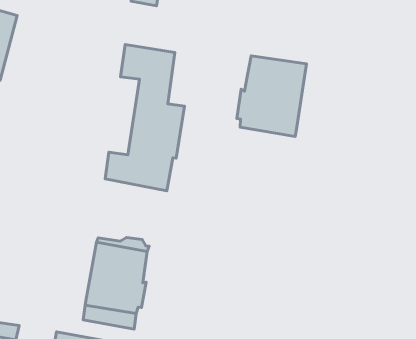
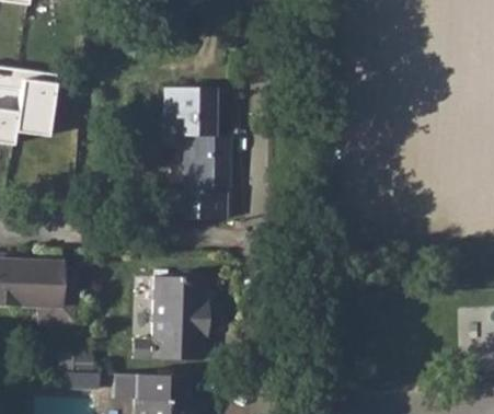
building: [237,56,306,136] -> none

